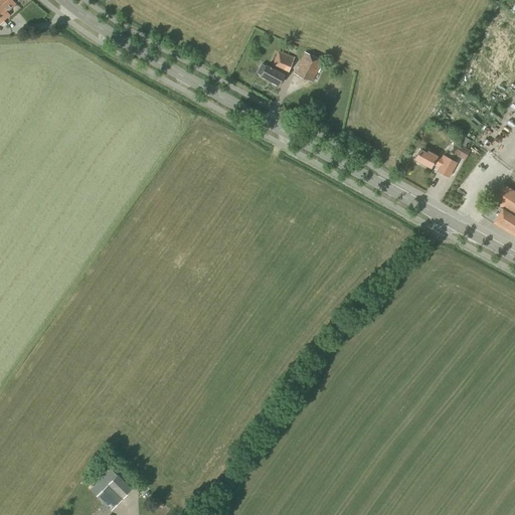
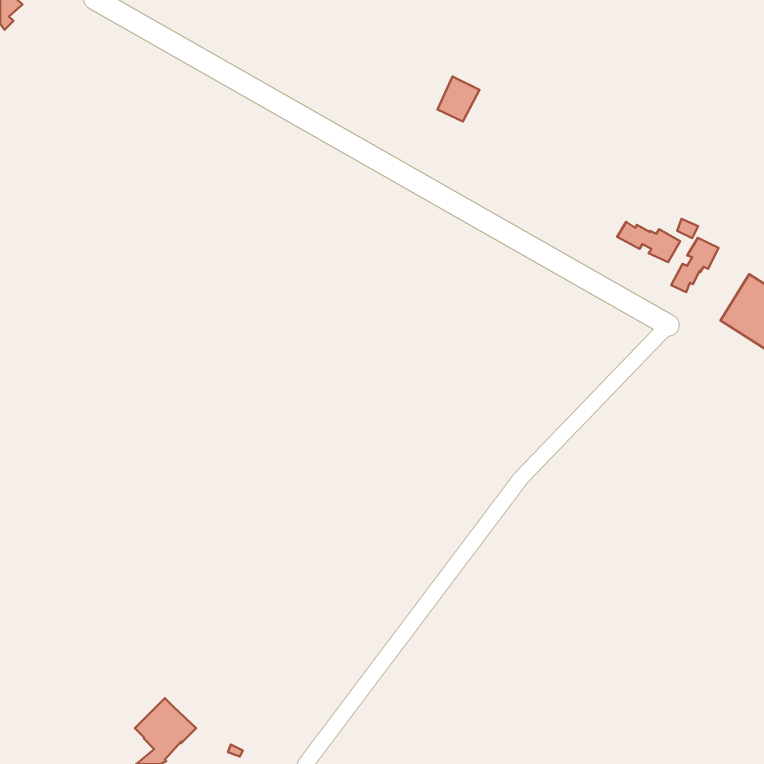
building: [256,50,295,85] -> none
building: none -> [671,238,718,292]

